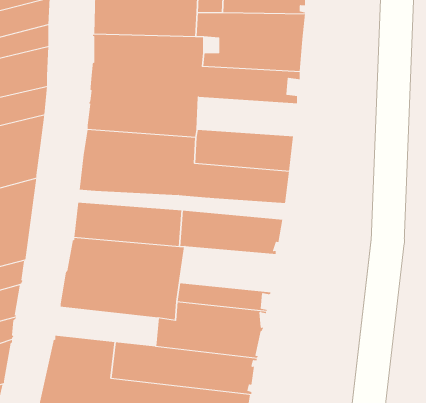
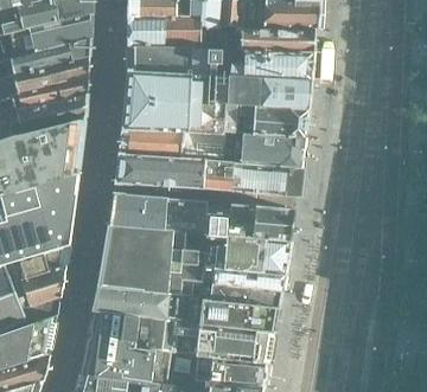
building: none -> [219,102,308,136]
building: none -> [204,233,289,274]
building: none -> [94,287,185,321]

